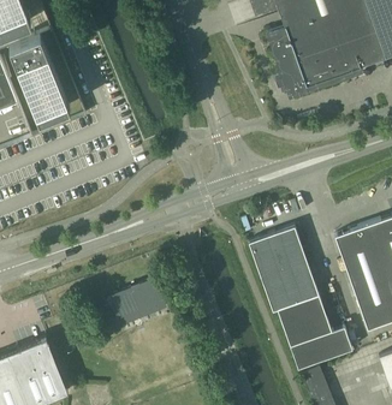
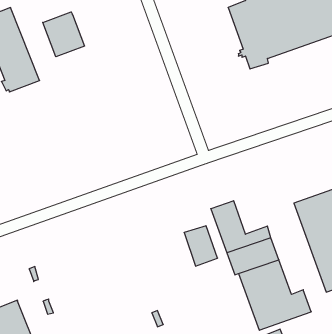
building: none -> [43,12,84,57]
building: [272,227,307,269] -> [184,226,218,266]
building: [109,280,166,327] -> none

